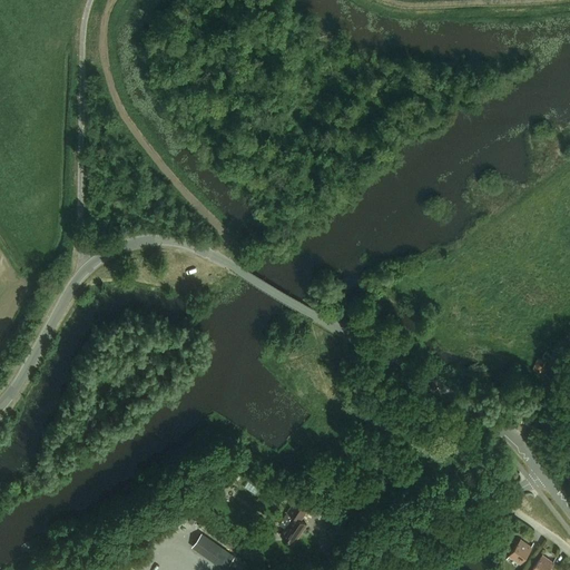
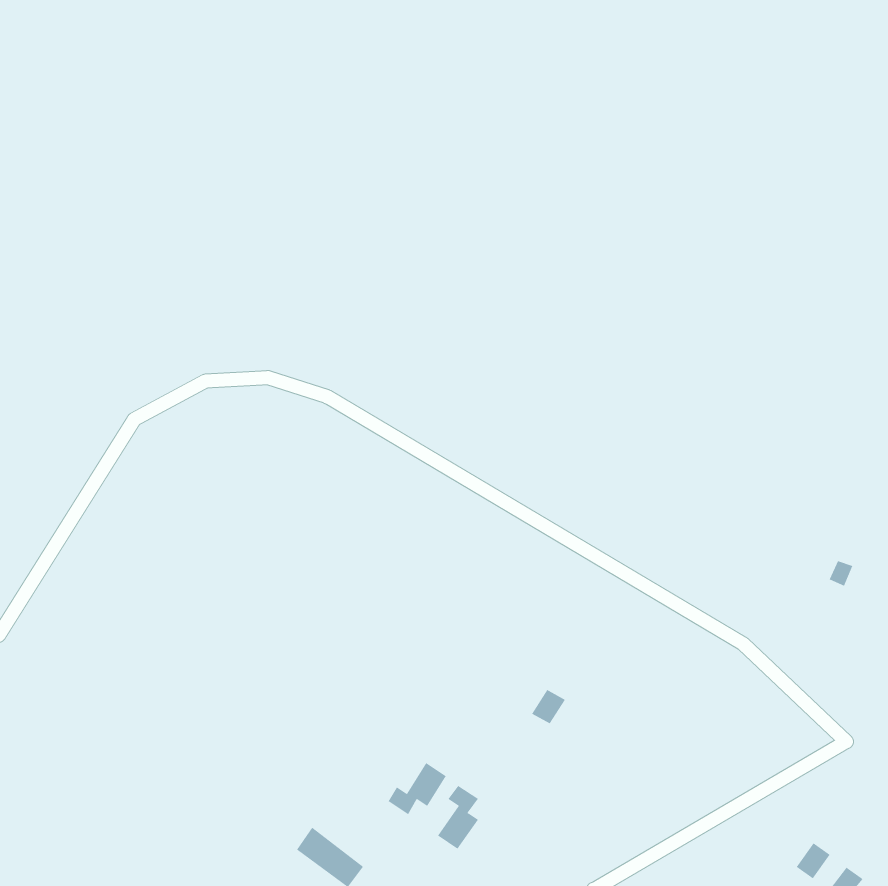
building: none -> [388,762,447,815]

